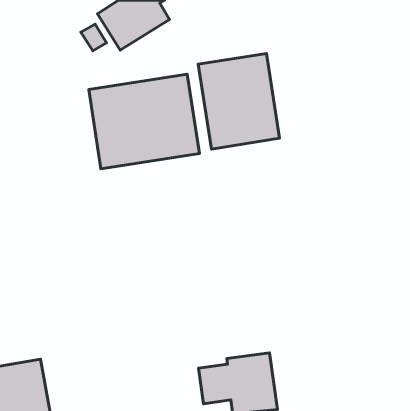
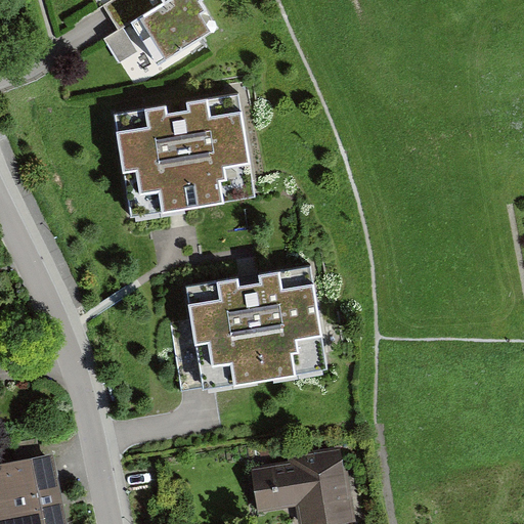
building: [198,53,280,149] -> none
building: none -> [184,267,325,389]

